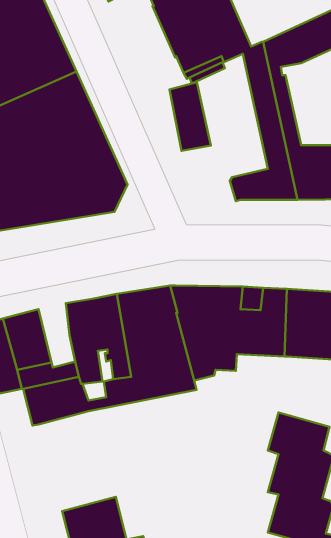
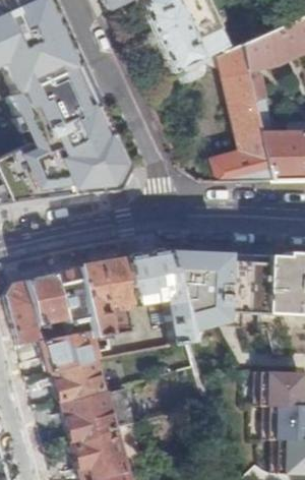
building: [170,82,211,151] -> none
building: none -> [51,265,82,320]
building: none -> [51,358,102,400]
building: none -> [61,386,134,438]

